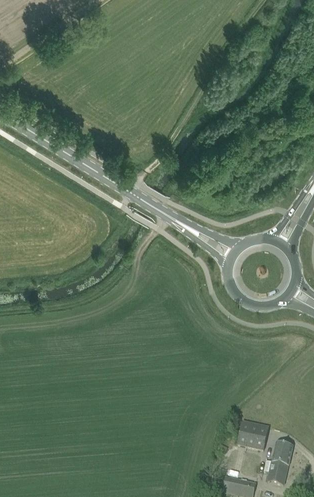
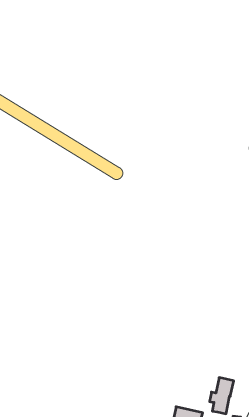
building: [237,420,268,449] -> none

